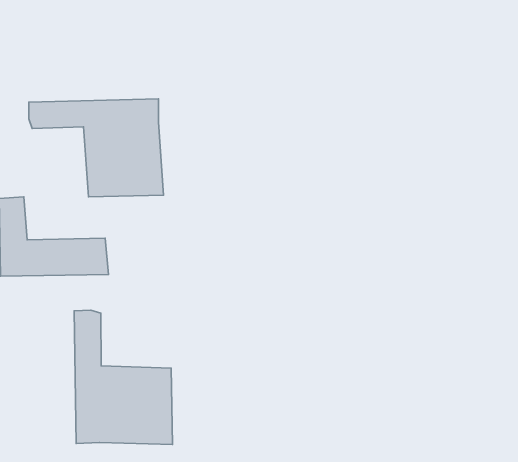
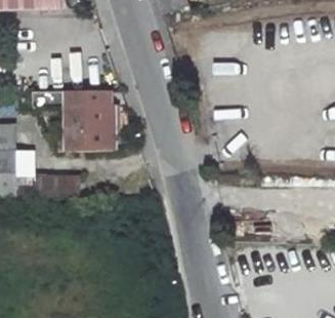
building: [74,310,173,445] -> none

